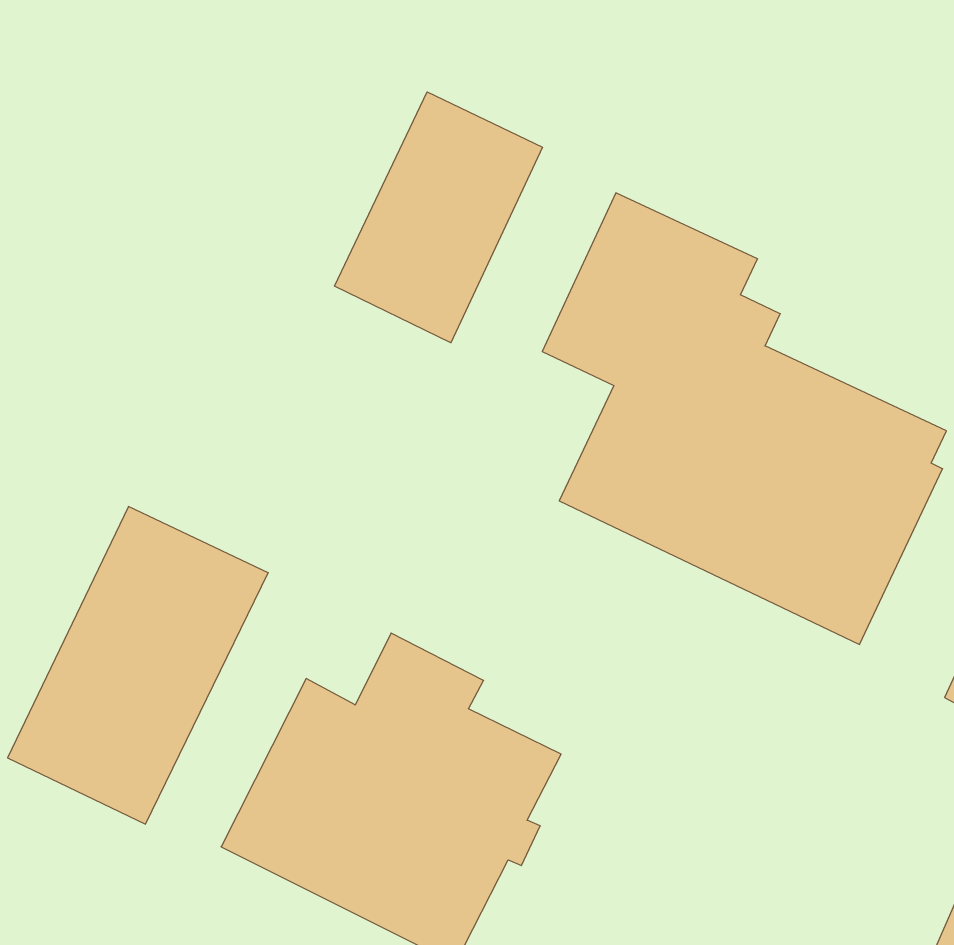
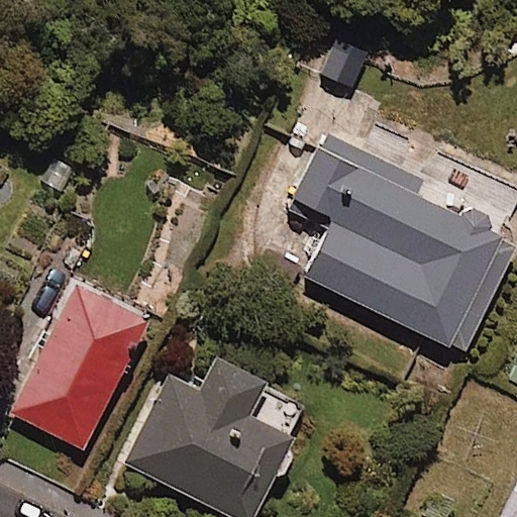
building: [334,92,543,343] -> none

